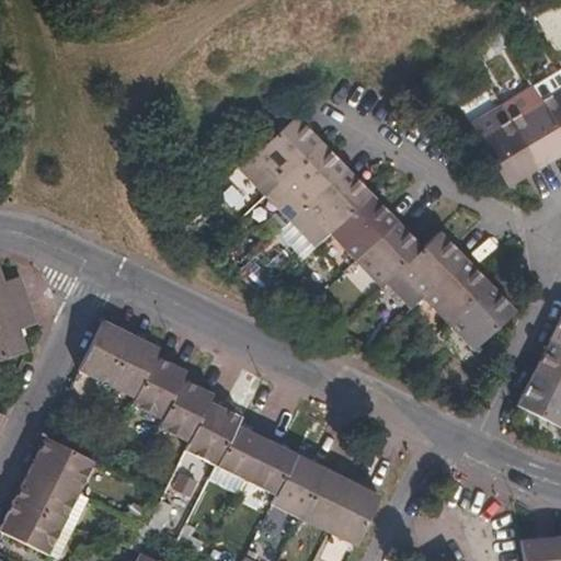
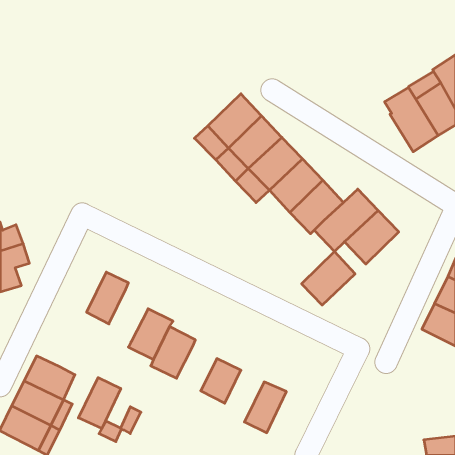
building: [450,285,516,351] -> [302,252,355,305]
building: [79,320,131,383] -> none
building: [131,355,187,420] -> none
building: [218,425,267,480] -> none
building: [273,455,325,518] -> none
building: none -> [78,378,121,428]
building: [329,481,381,546] -> none

